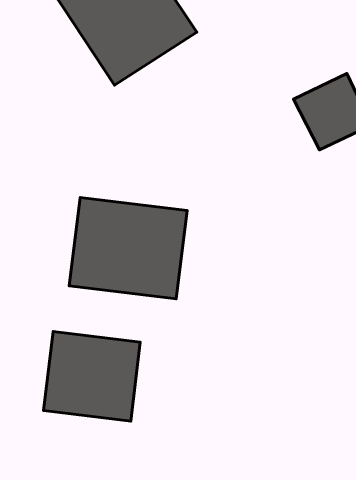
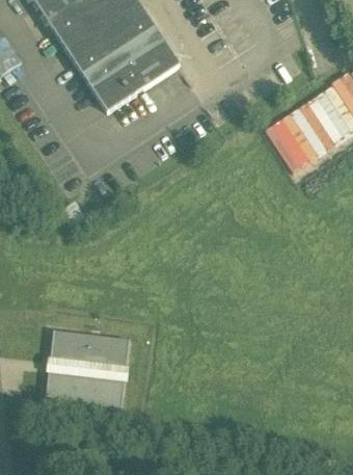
building: [69,198,187,299] -> none

